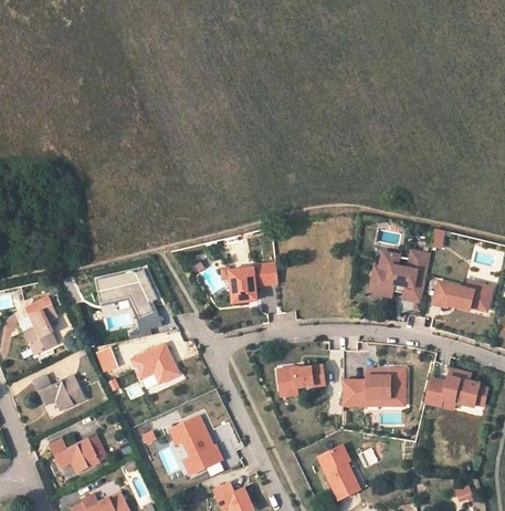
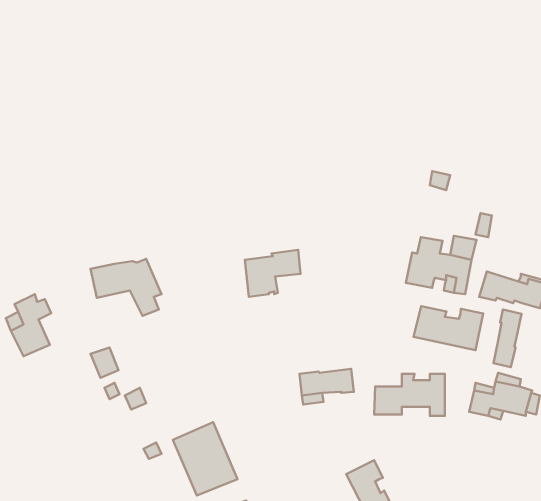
building: none -> [413,306,483,350]
building: none -> [493,310,522,367]
building: [128,342,180,392] -> none
building: [35,375,87,410] -> none
building: [50,438,102,472] -> none

